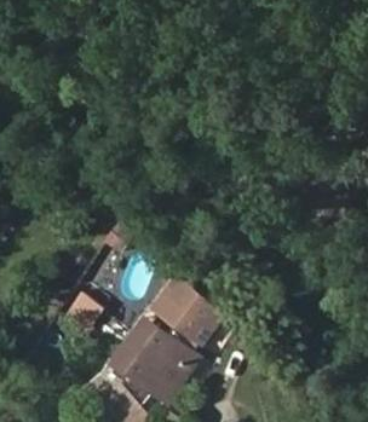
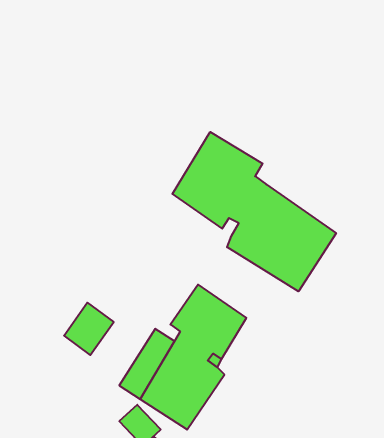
building: none -> [172,132,336,291]

